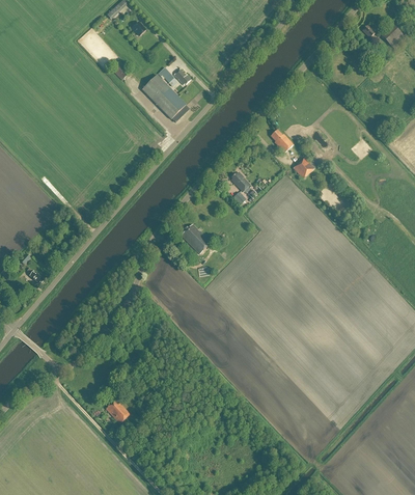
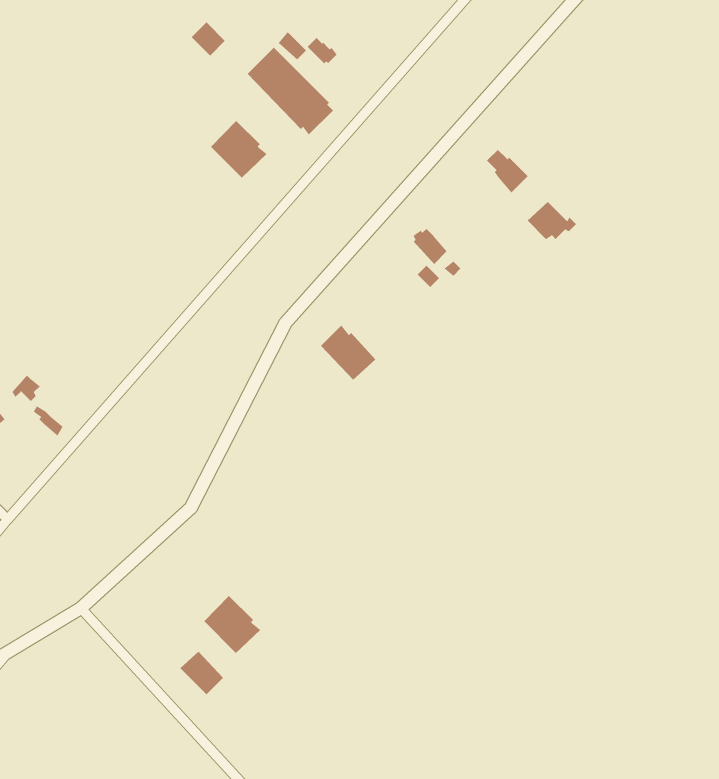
building: none -> [210,120,268,179]
building: none -> [203,595,261,654]

